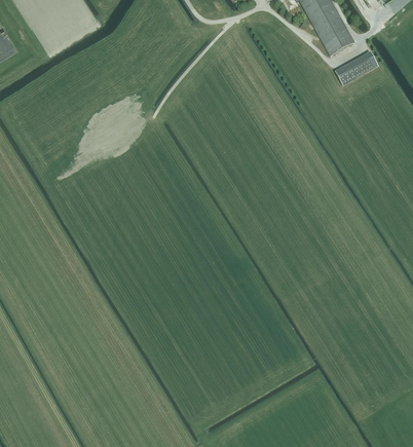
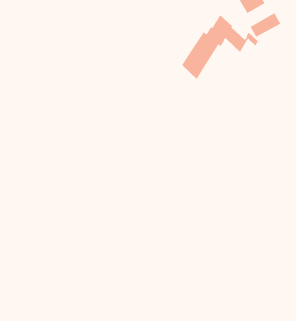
building: none -> [181,14,258,80]

